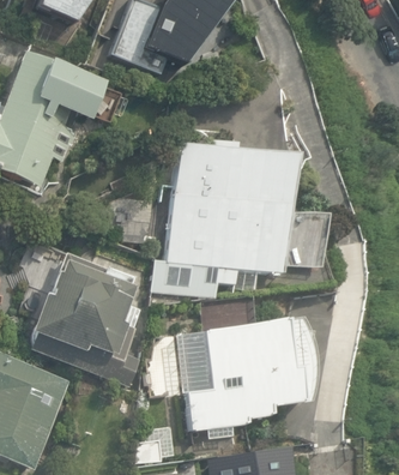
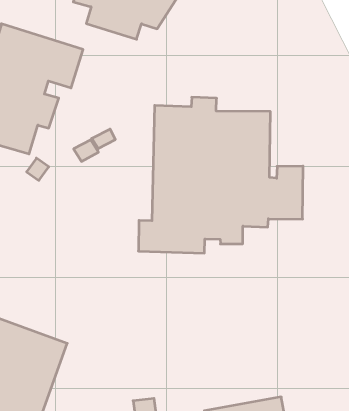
building: [31,253,140,384] -> none
building: [187,318,313,431] -> none

